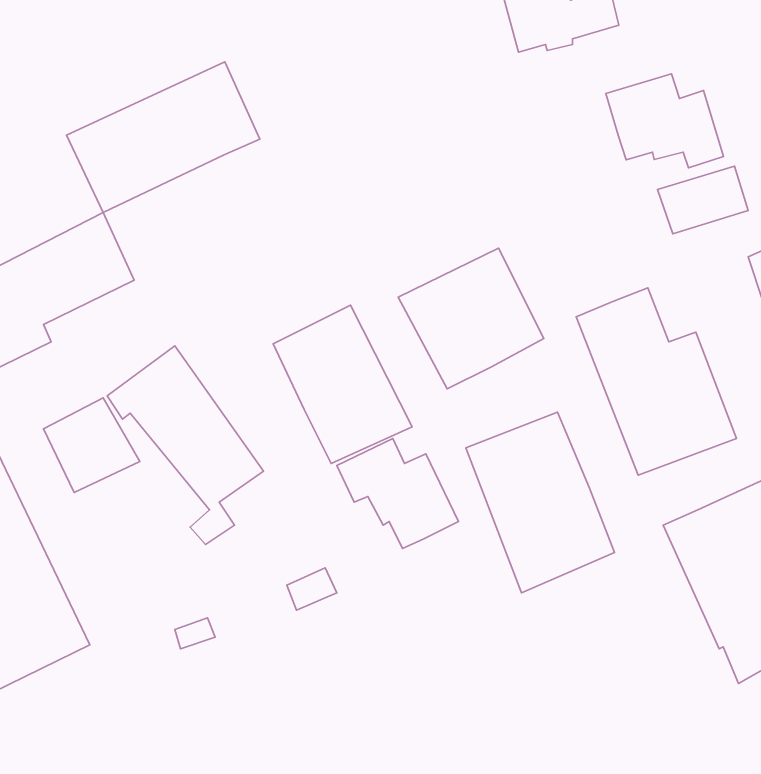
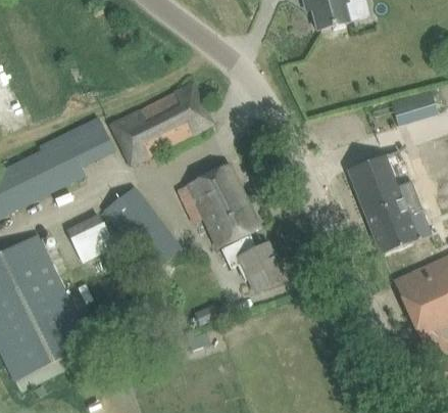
building: [67,62,260,213] -> [110,83,212,163]
building: [606,74,724,168] -> none
building: [398,248,544,389] -> none
building: [466,412,615,593] -> none

